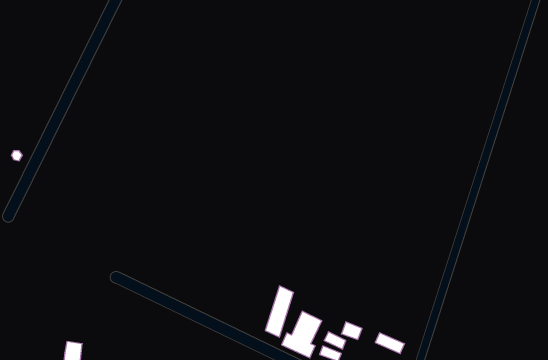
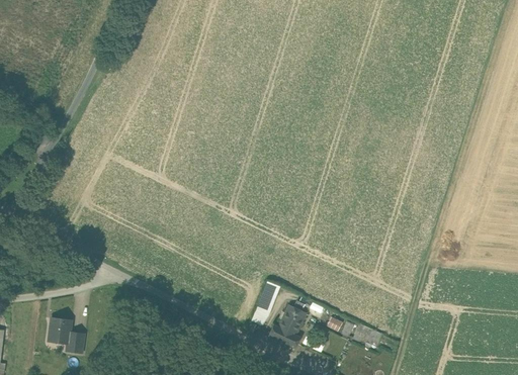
building: none -> [49,318,70,343]

